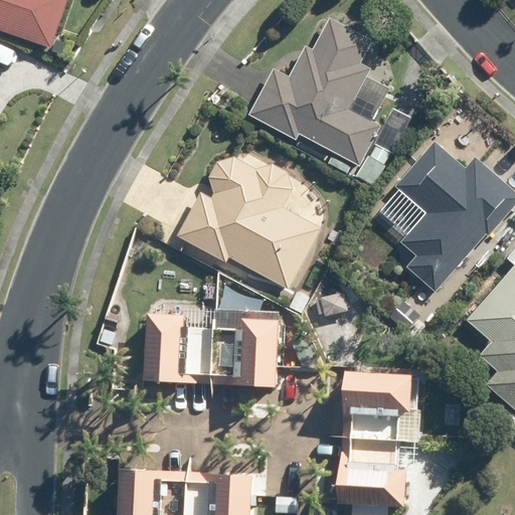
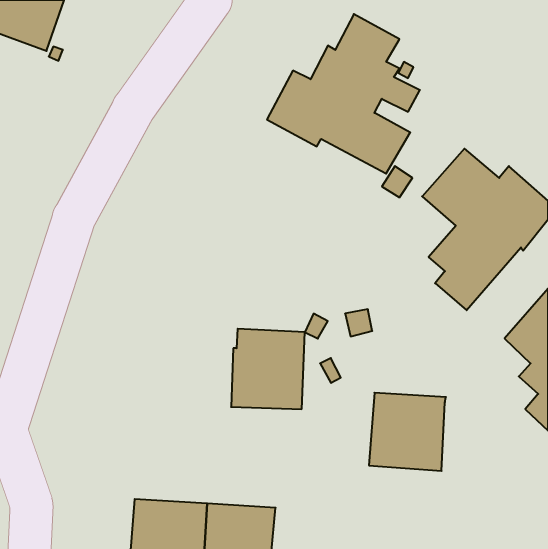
building: [177,159,321,291] -> none
building: [146,312,216,382] -> none
building: [338,437,409,506] -> none

